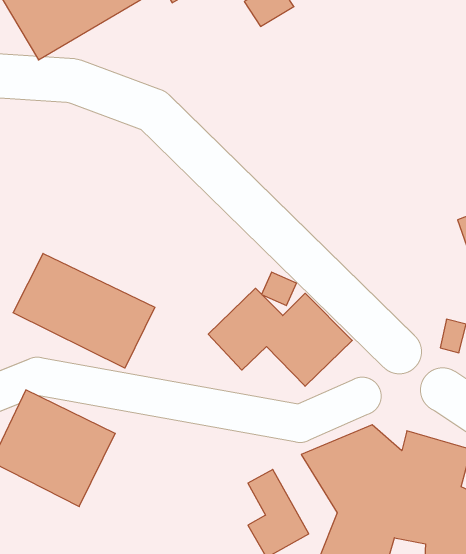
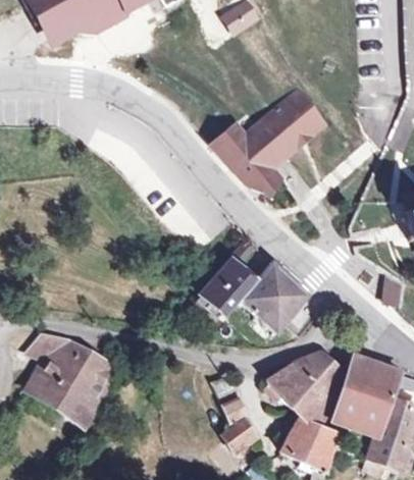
building: none -> [219,89,325,196]
building: [13,253,155,368] -> none

